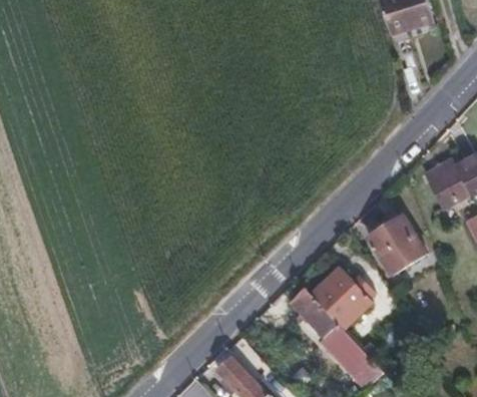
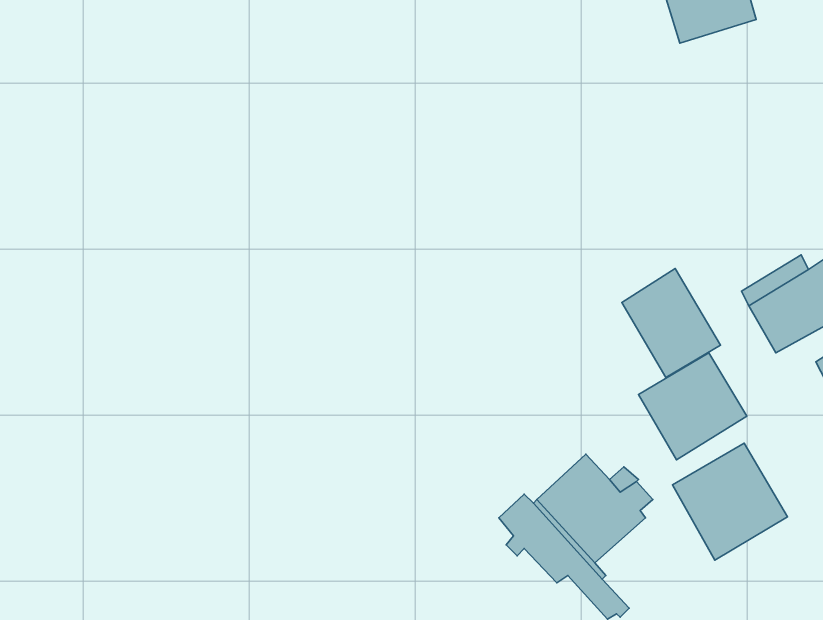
building: none -> [622,269,721,378]
building: none -> [672,443,788,560]

